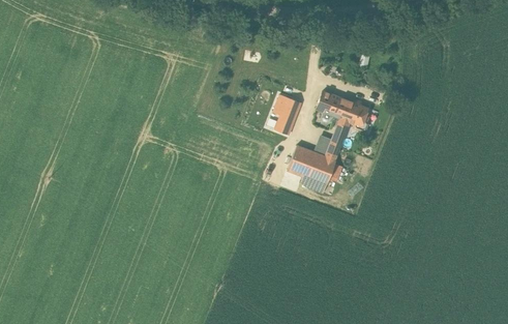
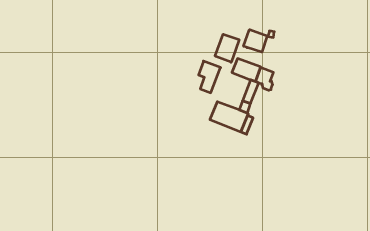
building: none -> [244,30,267,52]
building: none -> [215,34,239,62]

